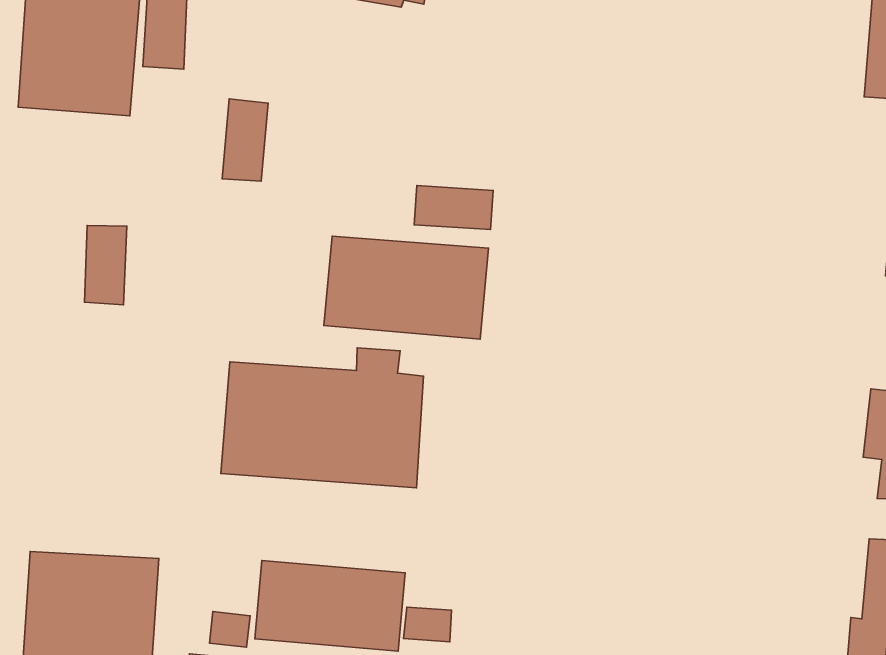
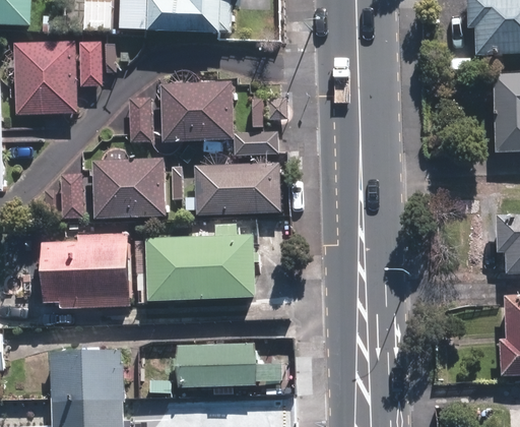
building: none -> [160,81,234,141]
building: none -> [93,158,165,217]
building: none -> [39,234,131,309]

